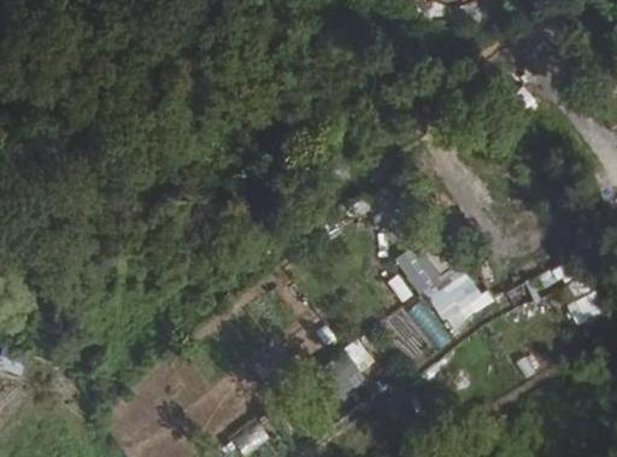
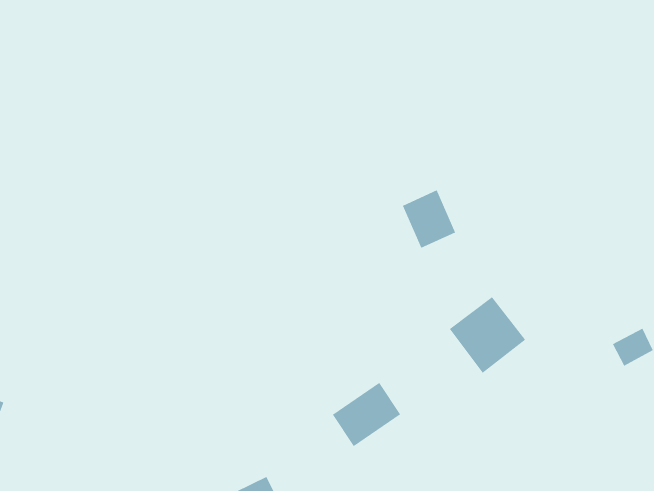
building: [390,241,439,294] -> [402,189,456,249]
building: [395,299,449,351] -> none

